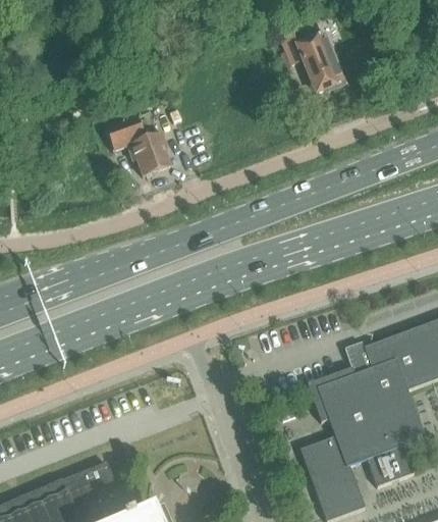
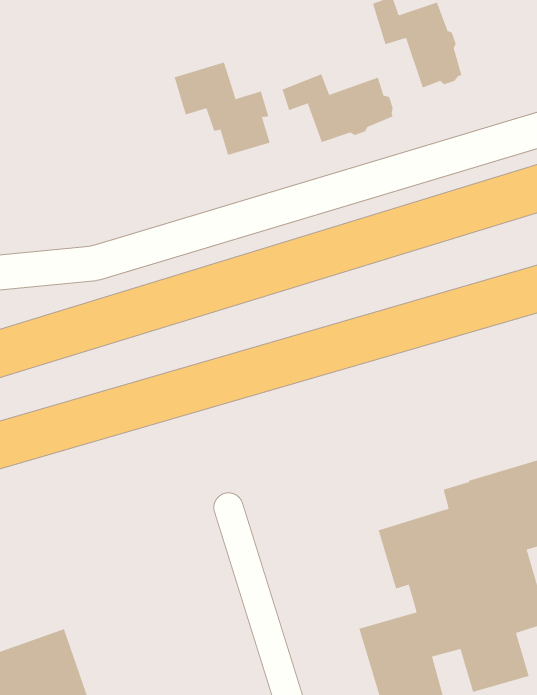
building: none -> [282,74,393,143]
building: [105,114,171,175] -> [174,62,270,156]

